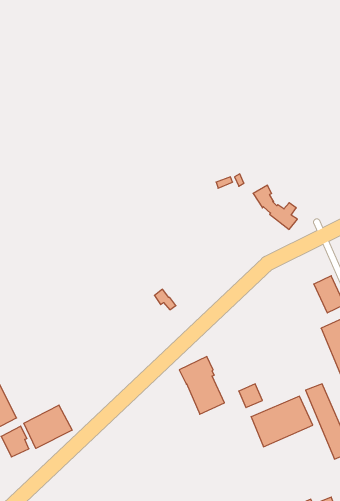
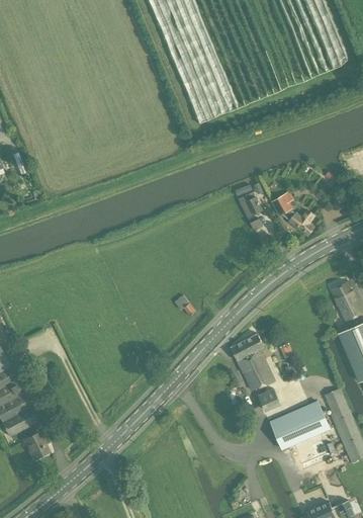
building: none -> [238,192,262,231]
building: [179,357,224,414] -> [230,334,274,391]
building: [24,405,72,448] -> none

